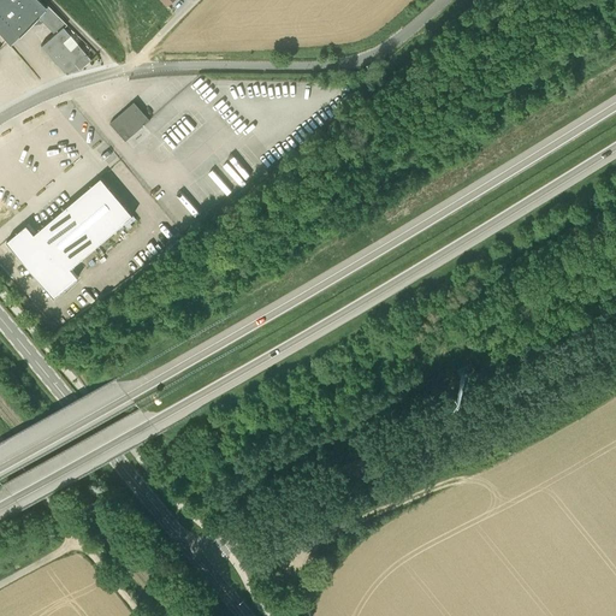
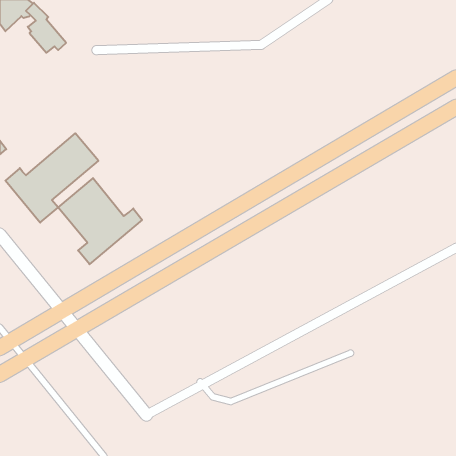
building: [109,103,148,141] -> none
building: none -> [58,178,142,264]

